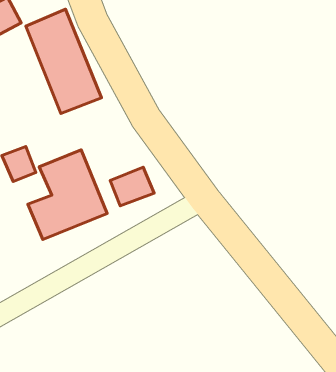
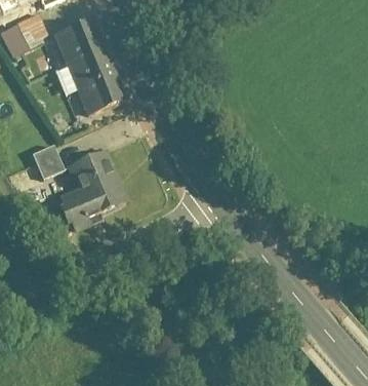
building: [110,167,154,206] -> none

